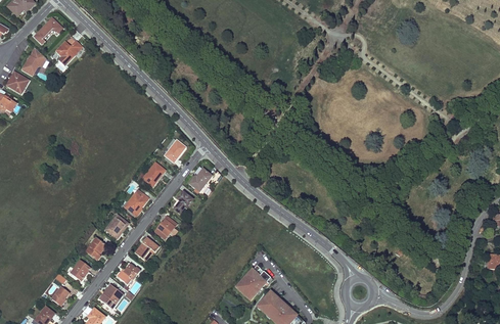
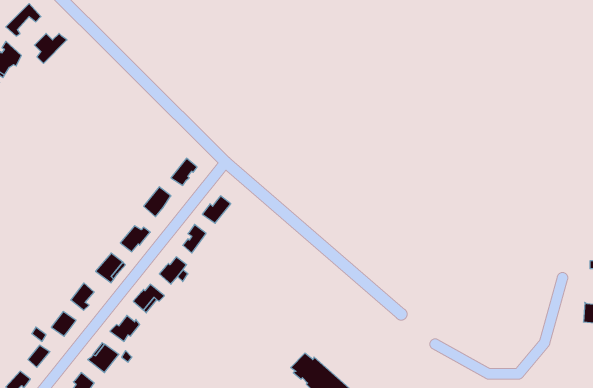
building: [235,268,270,298] -> none

